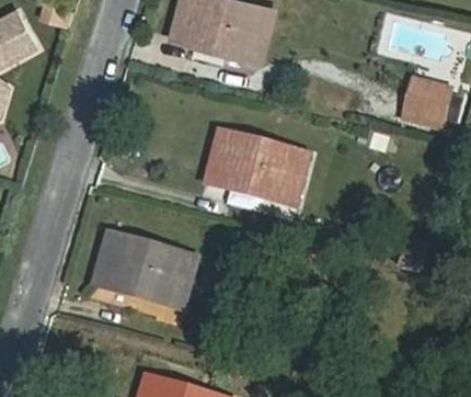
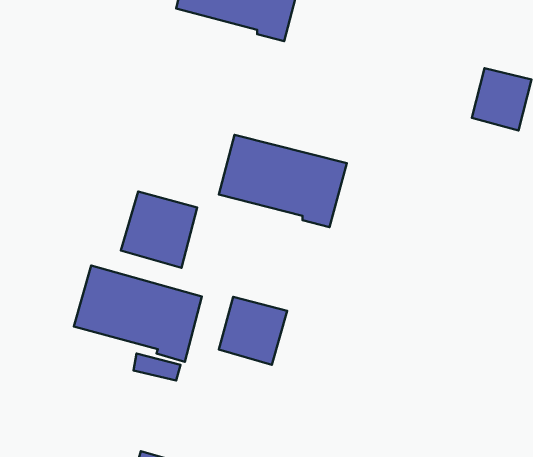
building: none -> [121,191,197,268]
building: none -> [219,297,287,365]

